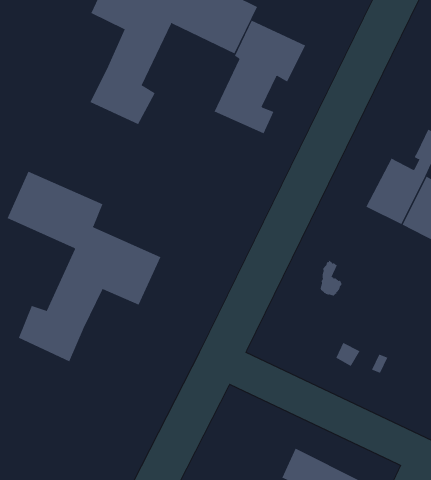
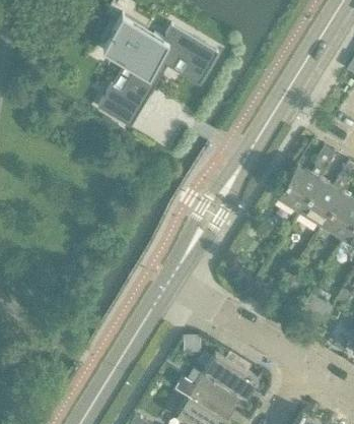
building: [214,20,306,134] -> none
building: [7,171,161,362] -> none

